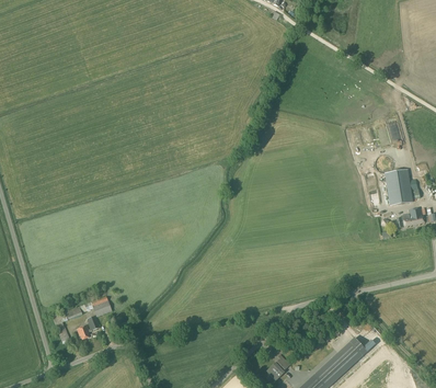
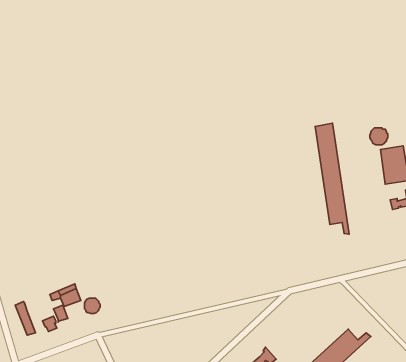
building: none -> [315,123,349,234]

